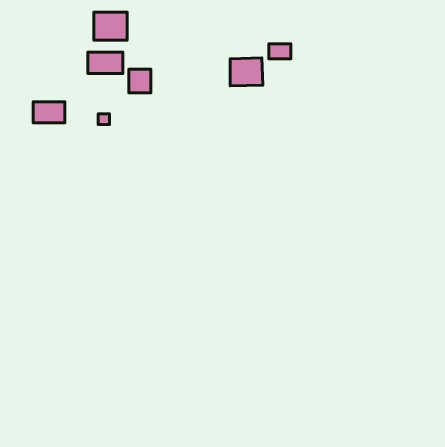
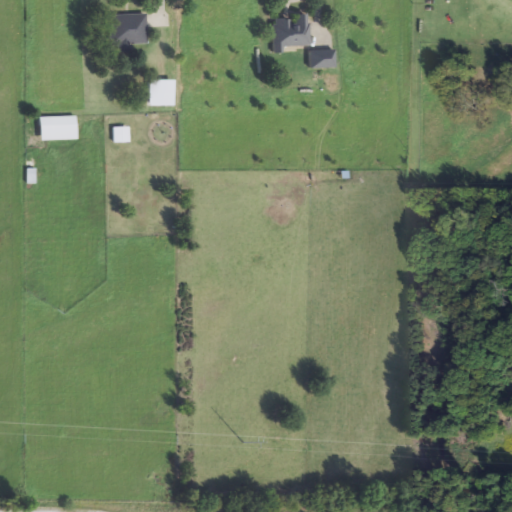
building: [88,52,123,73] -> none
building: [230,58,263,86] -> [274,16,311,48]

